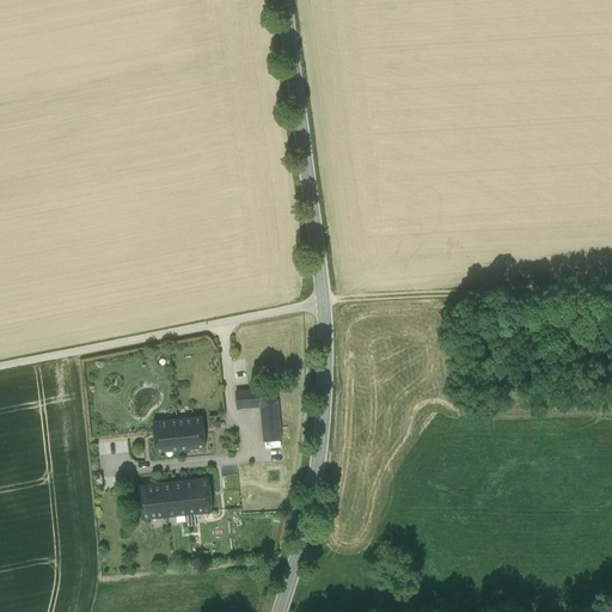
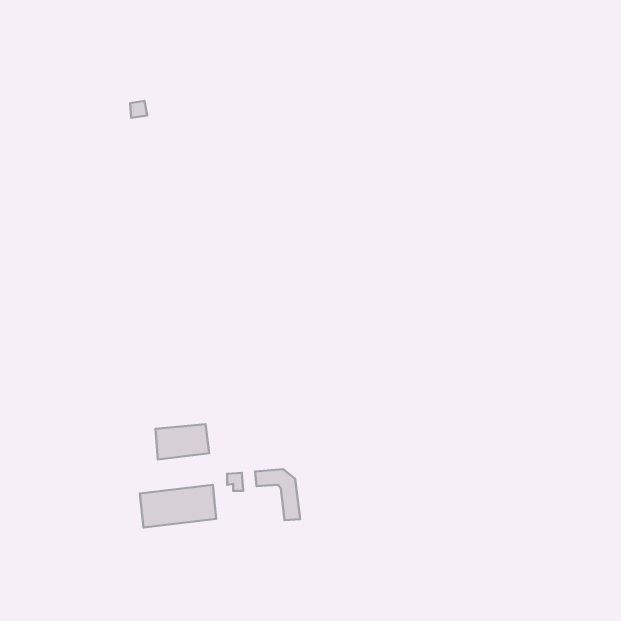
building: [237,390,281,440] -> [255,469,300,520]

